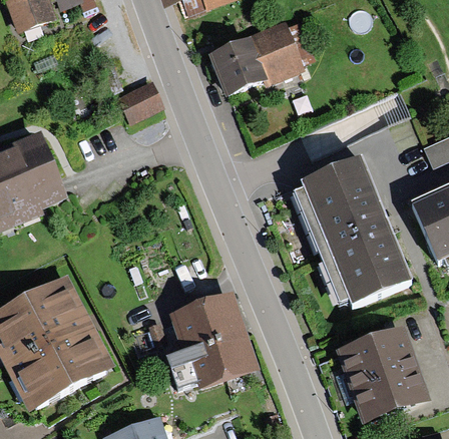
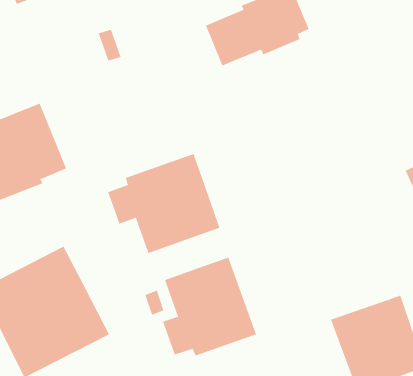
building: [118,80,164,121] -> none
building: [295,157,412,305] -> none
building: none -> [107,153,220,254]

